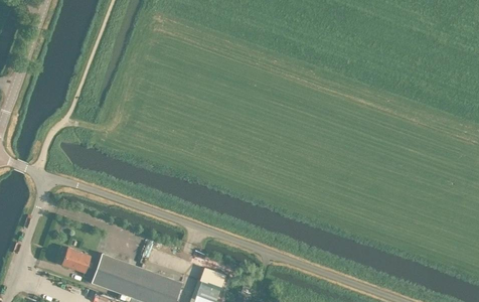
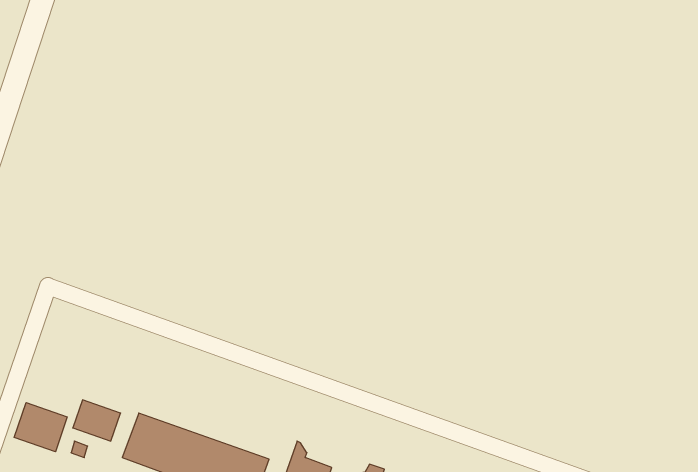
building: none -> [14,403,67,452]

